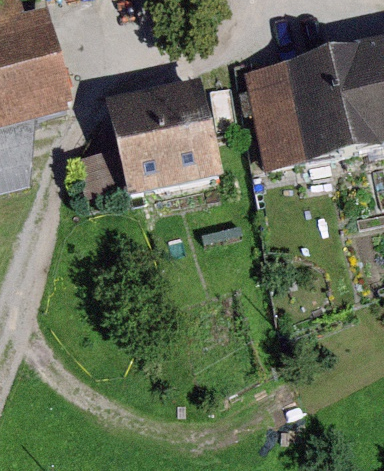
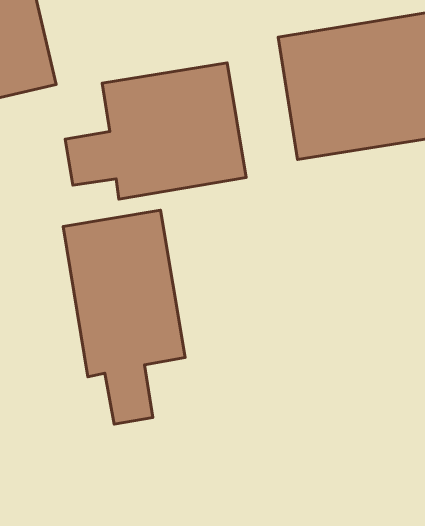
building: none -> [63,210,185,424]

